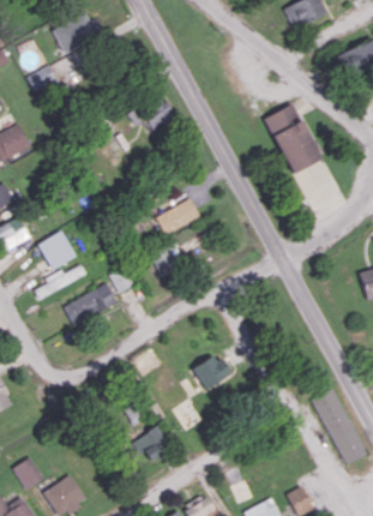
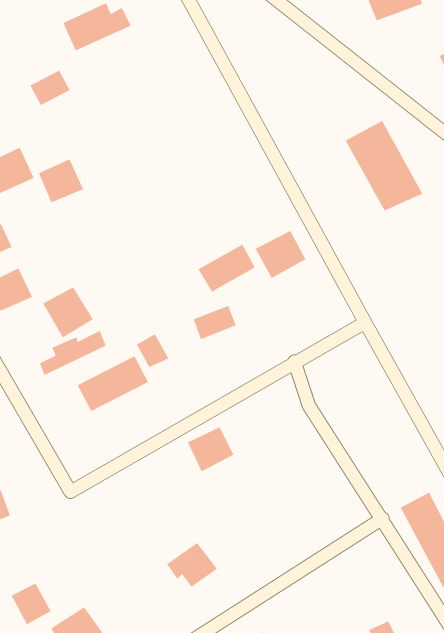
building: [127,98,174,132] -> none
building: none -> [38,158,84,203]
building: none -> [255,230,306,279]
building: [193,354,229,389] -> [187,427,234,472]

